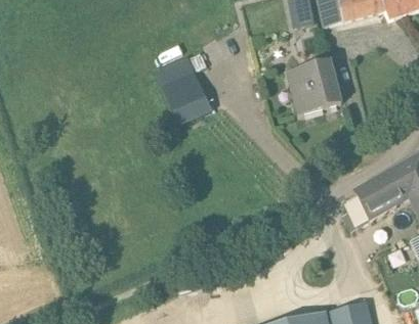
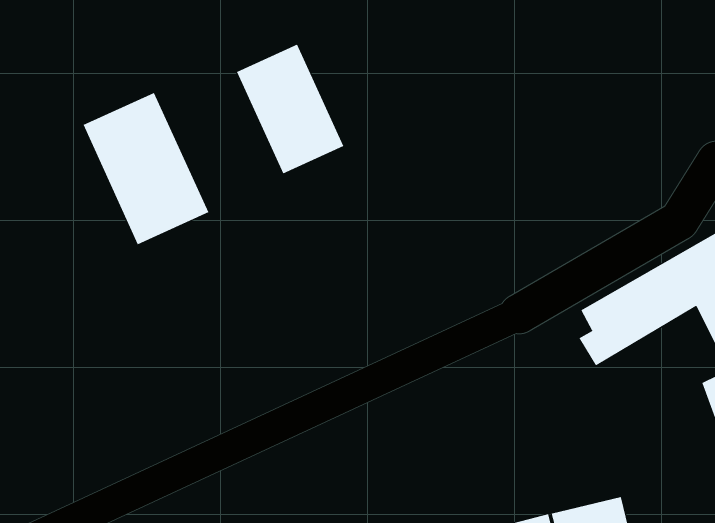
building: [285,59,341,114] -> none
building: none -> [83,92,209,245]

